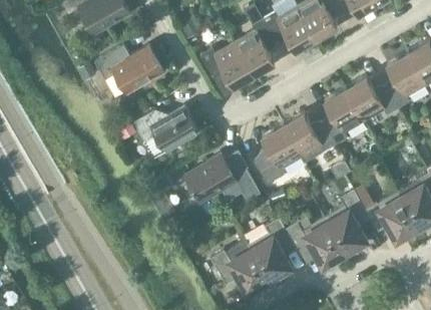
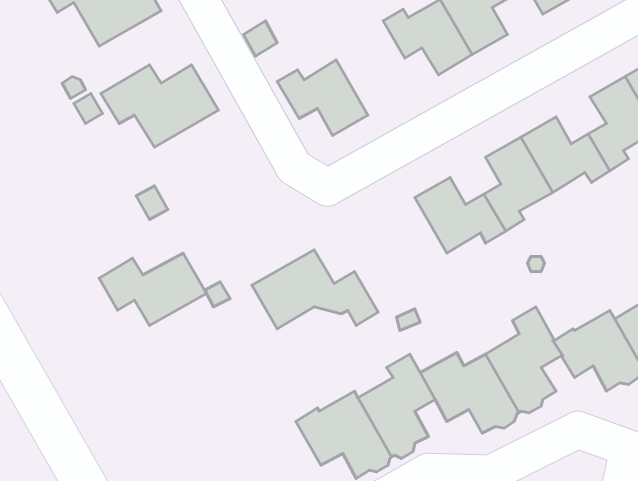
building: [235,19,276,75] -> none
building: [134,107,198,150] -> [99,253,207,325]
building: [254,124,301,185] -> none

